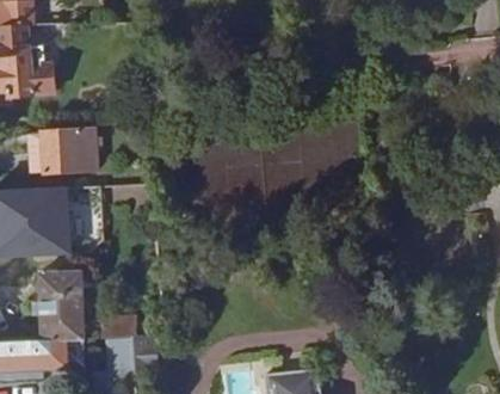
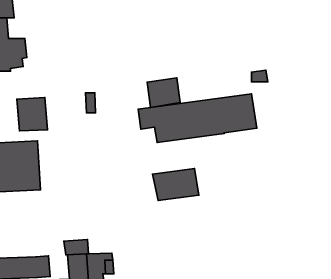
building: none -> [147,78,180,107]
building: none -> [153,168,199,201]
building: [37,273,89,341] -> none

